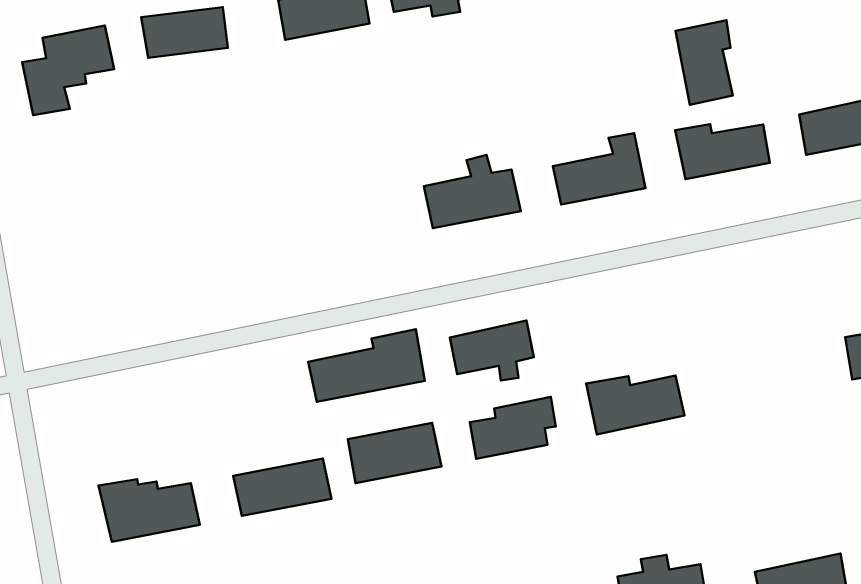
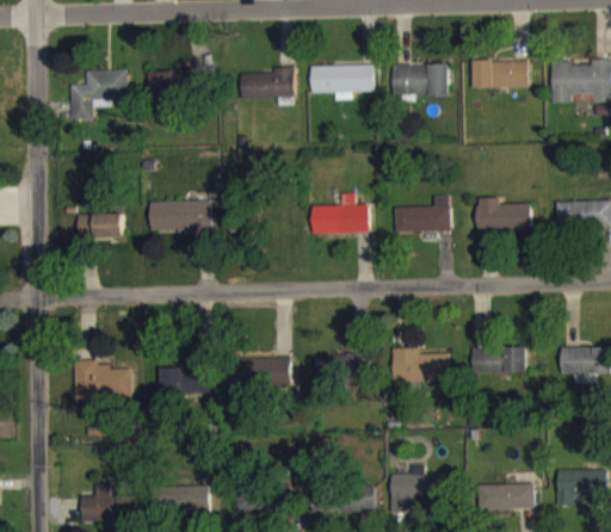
building: [675,20,733,105] -> none
building: none -> [150,200,212,233]
building: none -> [78,212,123,237]
building: [450,320,534,381] -> none
building: [308,329,425,402] -> none
building: none -> [470,347,526,373]

